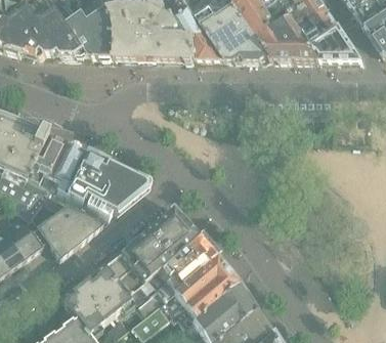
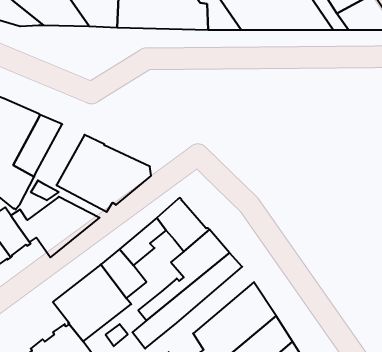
building: [47,142,90,196] -> none
building: [133,235,177,281] -> none
building: [171,267,239,326] -> none

